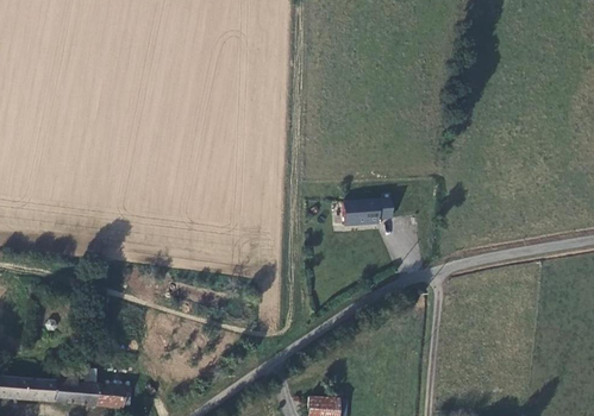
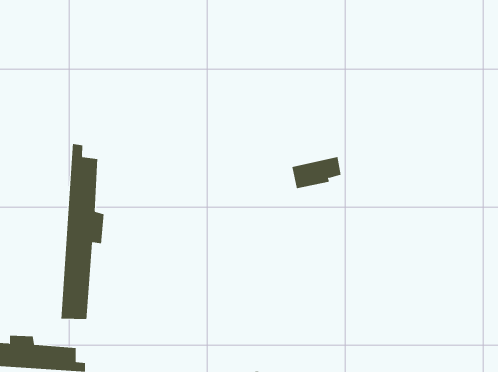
building: none -> [61,143,104,320]

